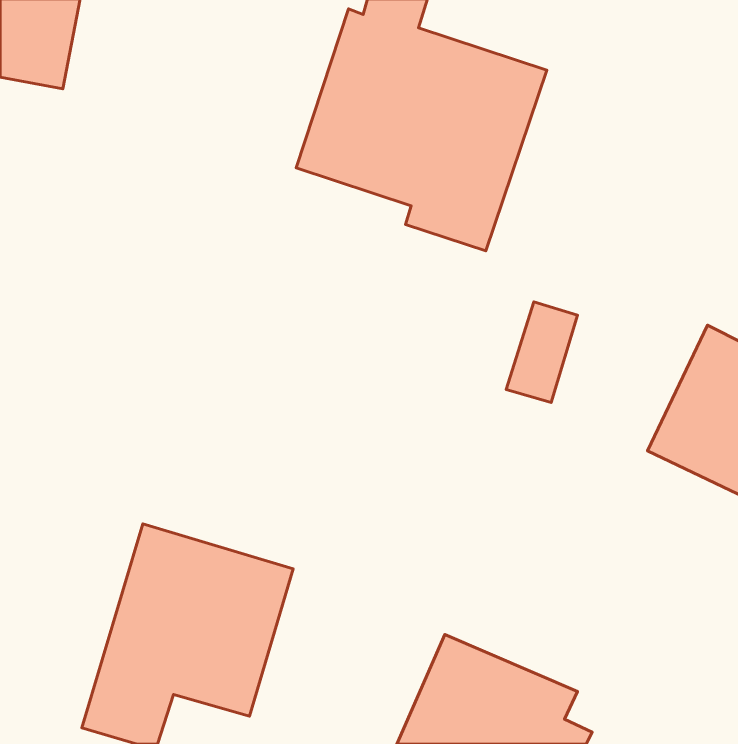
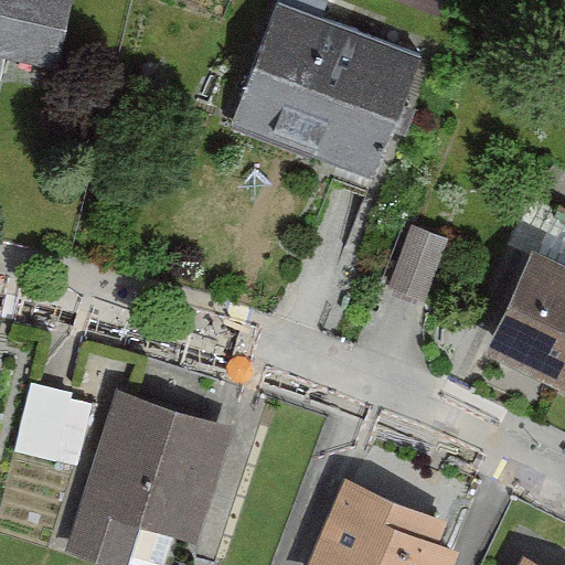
building: none -> [17,388,92,472]

